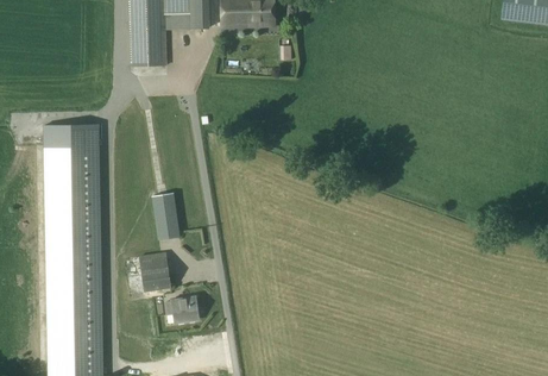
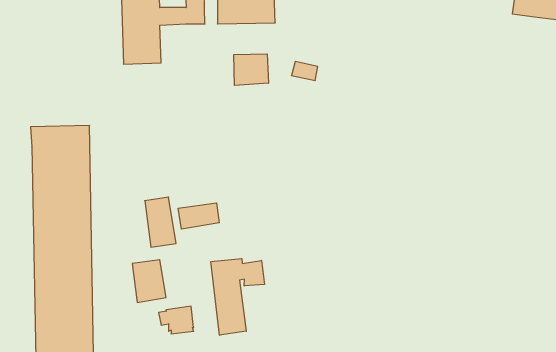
building: none -> [234,54,268,85]
building: none -> [178,203,219,229]
building: none -> [211,259,264,335]

